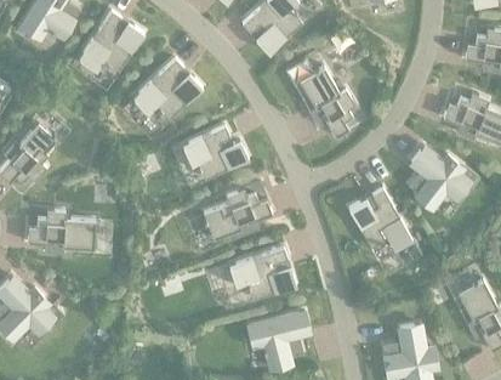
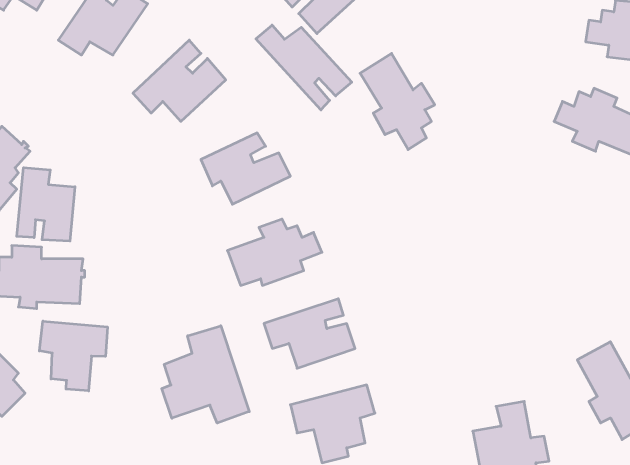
building: none -> [256,25,352,110]
building: [408,144,468,206] -> none
building: none -> [17,168,75,241]
building: [347,191,409,250] -> none
building: none -> [39,321,107,391]
building: none -> [162,326,249,423]

